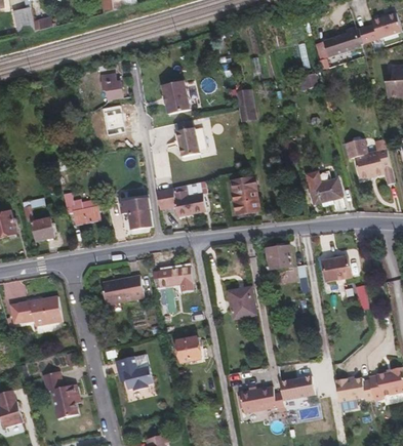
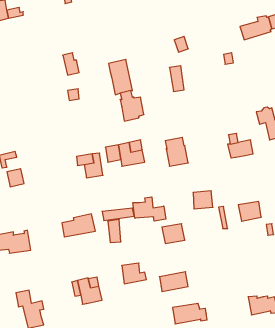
building: [64,192,99,224] -> none
building: none -> [133,197,166,221]
building: [279,374,315,399] -> [159,272,188,292]

